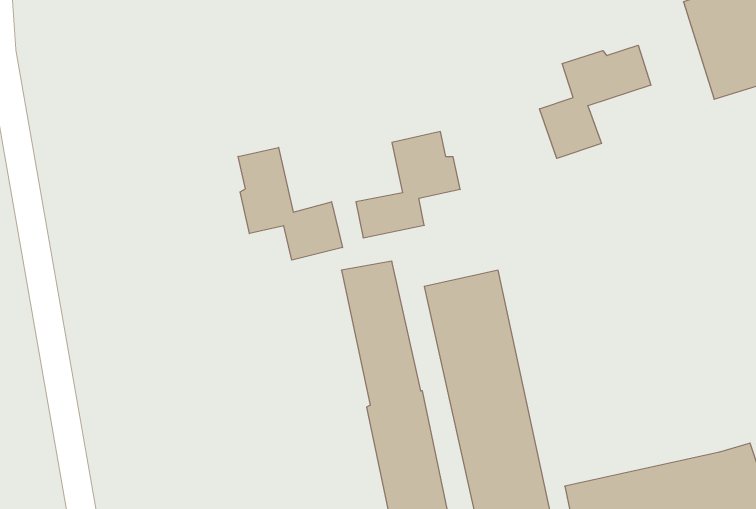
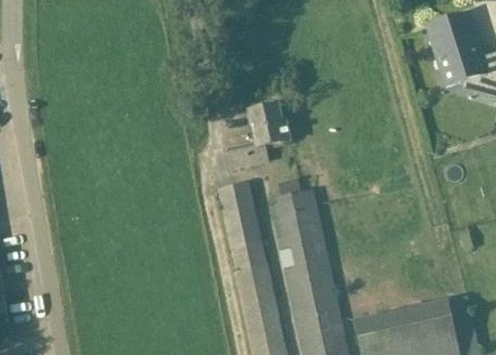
building: [540,45,651,158] -> none
building: [238,147,342,260] -> none

